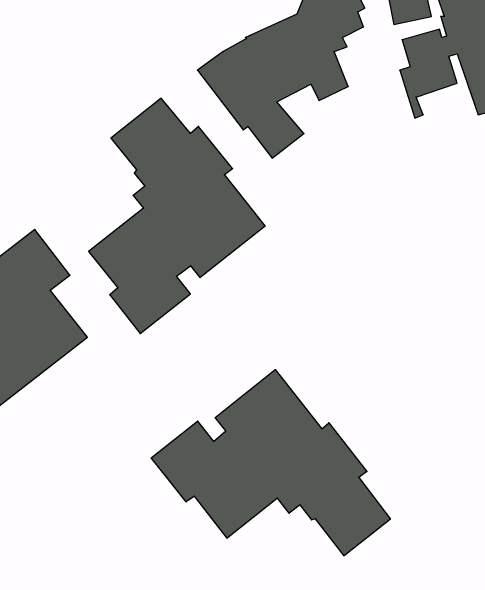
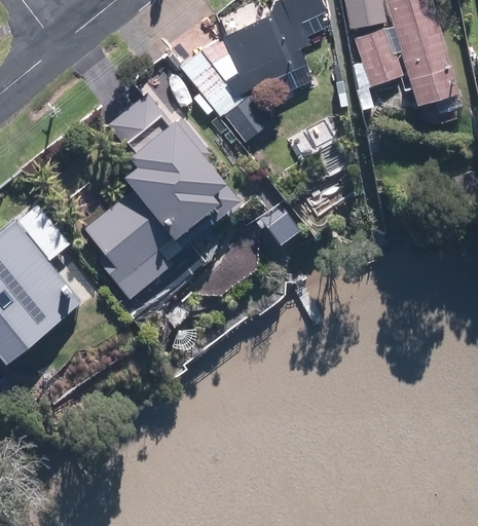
building: [151,370,390,556] -> none

